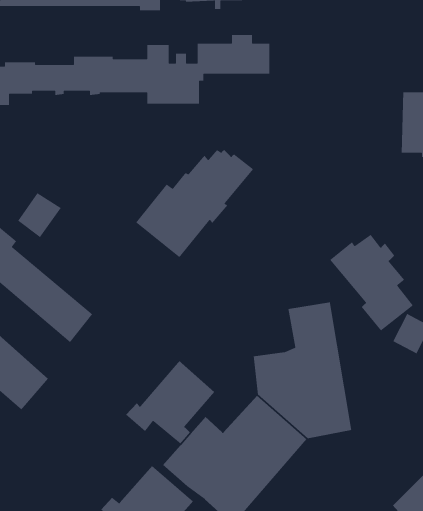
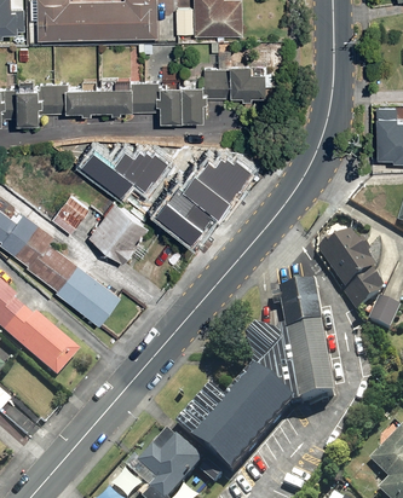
building: none -> [81,151,168,198]
building: none -> [91,190,151,260]
building: [125,360,215,445] -> none

